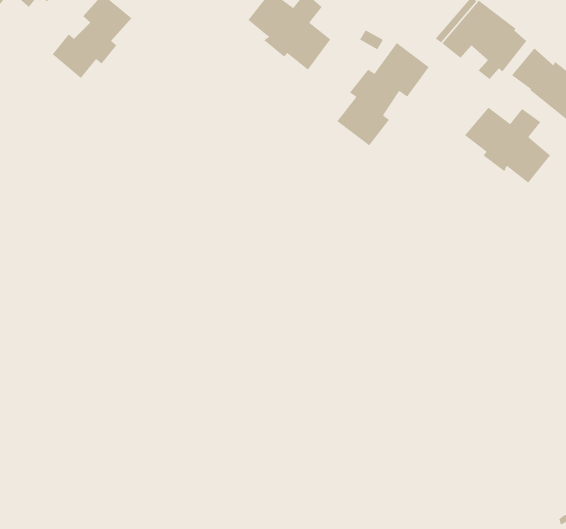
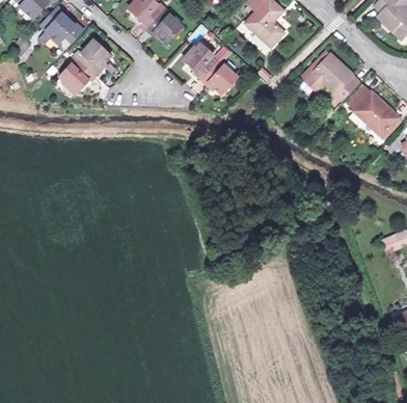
building: [336,42,430,146] -> none
building: [464,107,551,183] -> none

